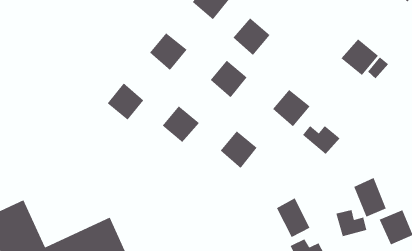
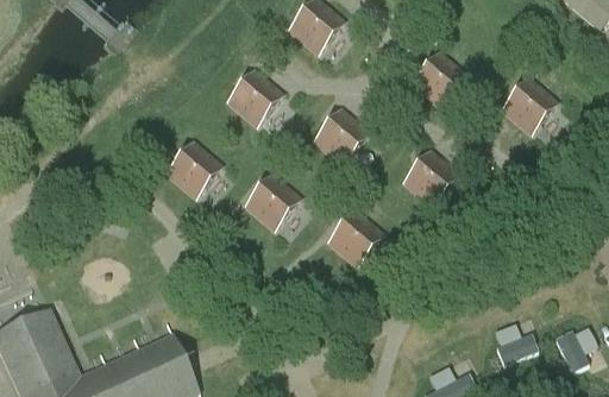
building: [232,18,271,56] -> [412,52,466,107]
building: [302,125,340,155] -> none
building: [353,177,387,217] -> none
building: [276,198,310,238] -> none

